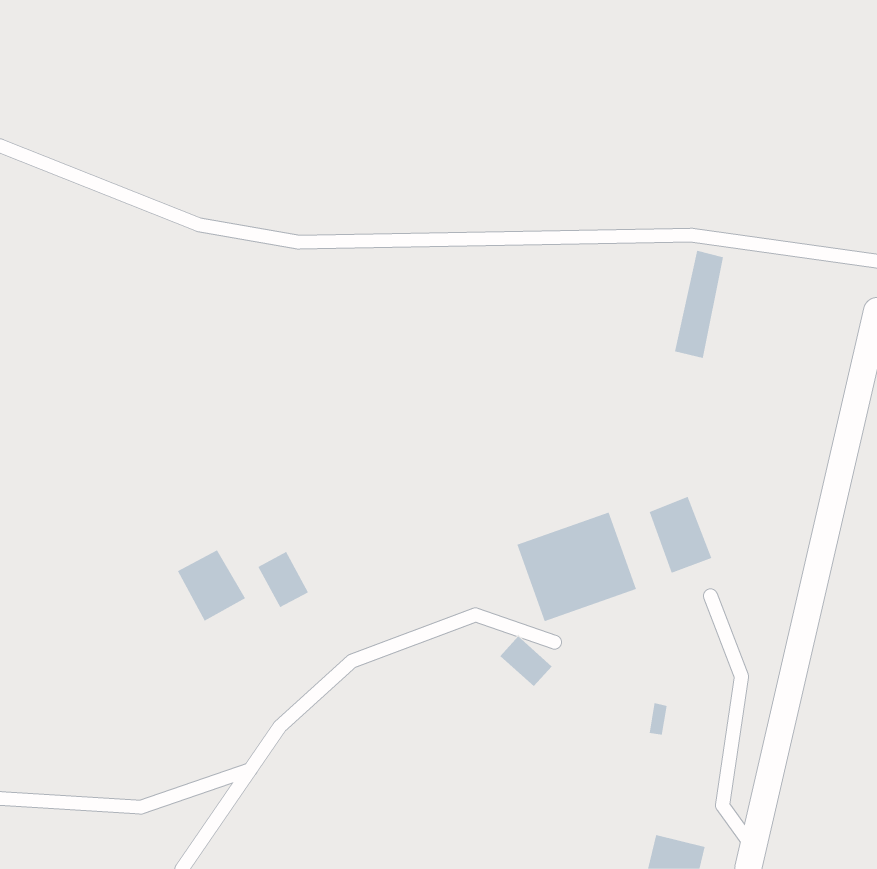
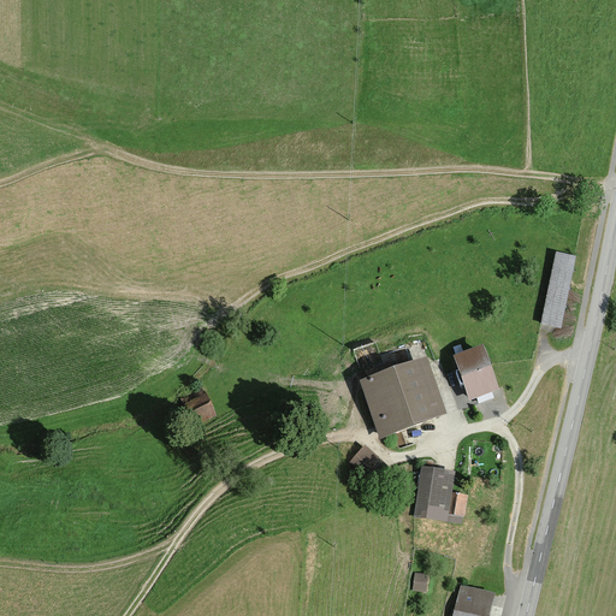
building: [674,250,724,358] -> [539,249,574,325]
building: [177,549,246,622] -> none
building: none -> [415,467,455,520]

